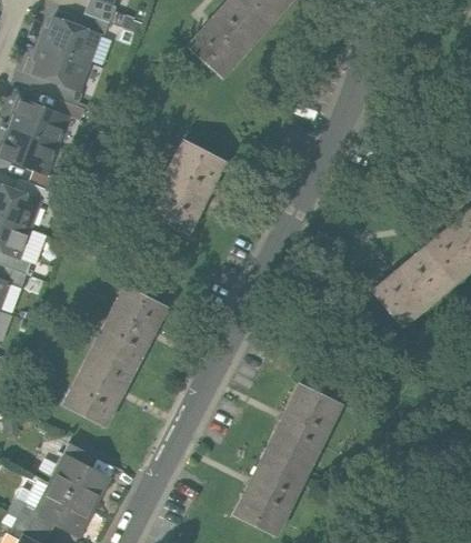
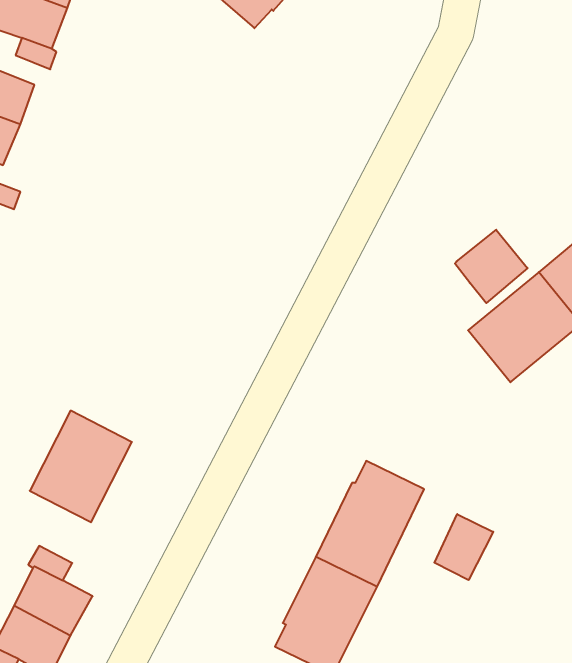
building: [146,139,224,232] -> none
building: none -> [455,230,528,303]
building: [92,284,168,369] -> none
building: none -> [434,514,493,580]

